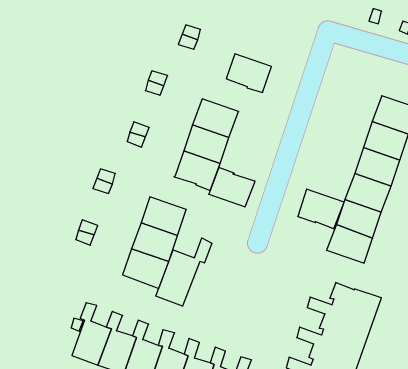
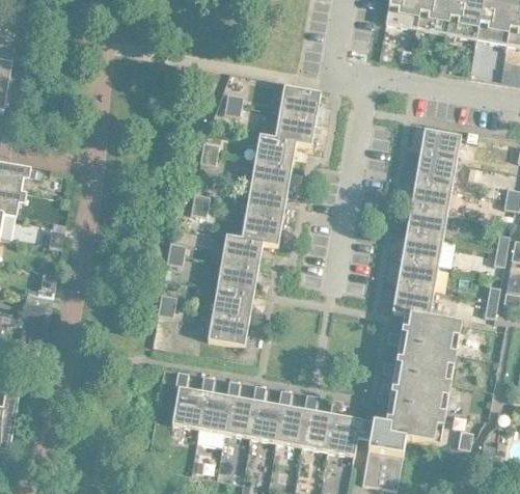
building: none -> [279,86,321,119]
building: none -> [255,135,296,167]
building: [209,167,255,207] -> [221,235,263,268]
building: [298,189,344,229] -> [392,284,434,318]
building: [156,238,212,306] -> none

